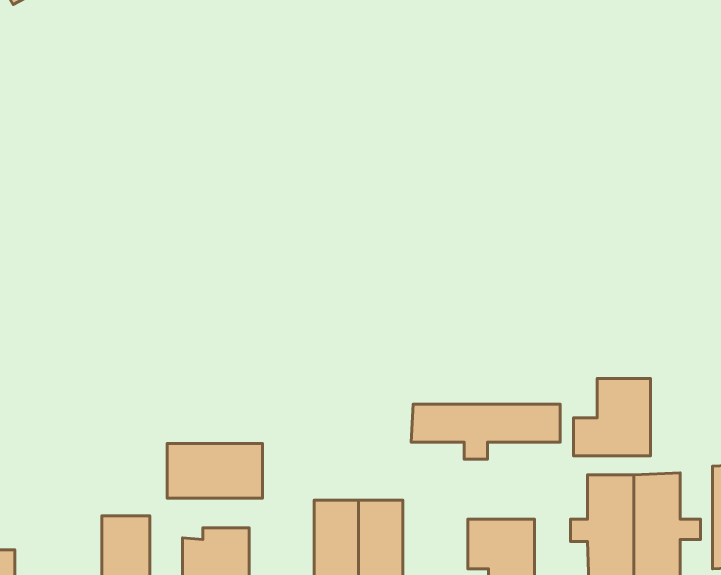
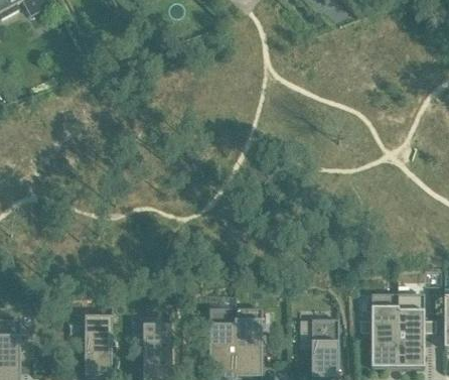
building: [574,378,651,456] -> none
building: [411,404,560,459] -> none
building: [167,444,263,498] -> none

